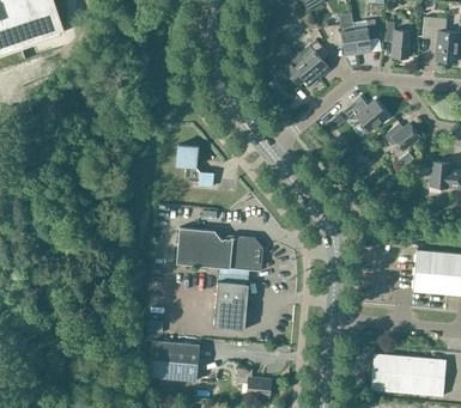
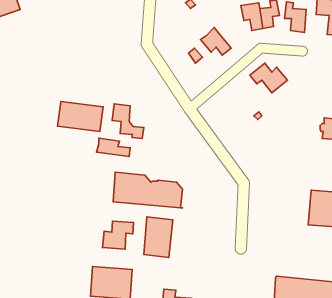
building: [299,39,330,78] -> none
building: [384,122,420,150] -> none
building: none -> [58,102,103,132]
building: none -> [96,138,130,156]
building: none -> [103,221,133,249]

